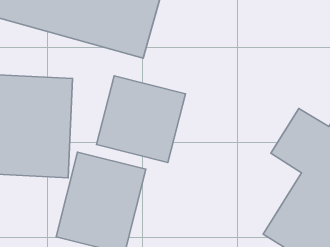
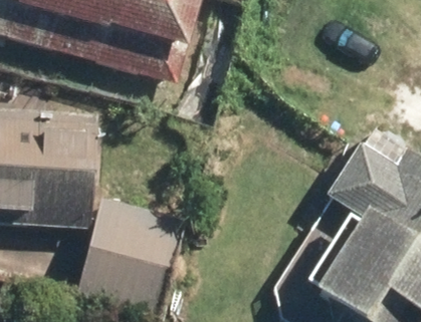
building: [97,76,185,163] -> none

